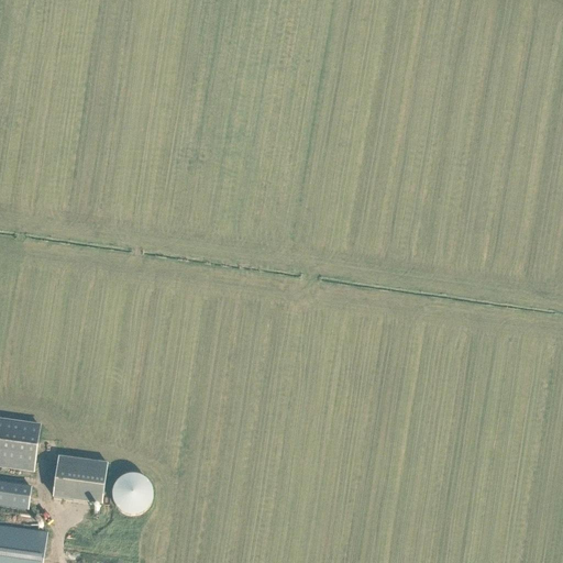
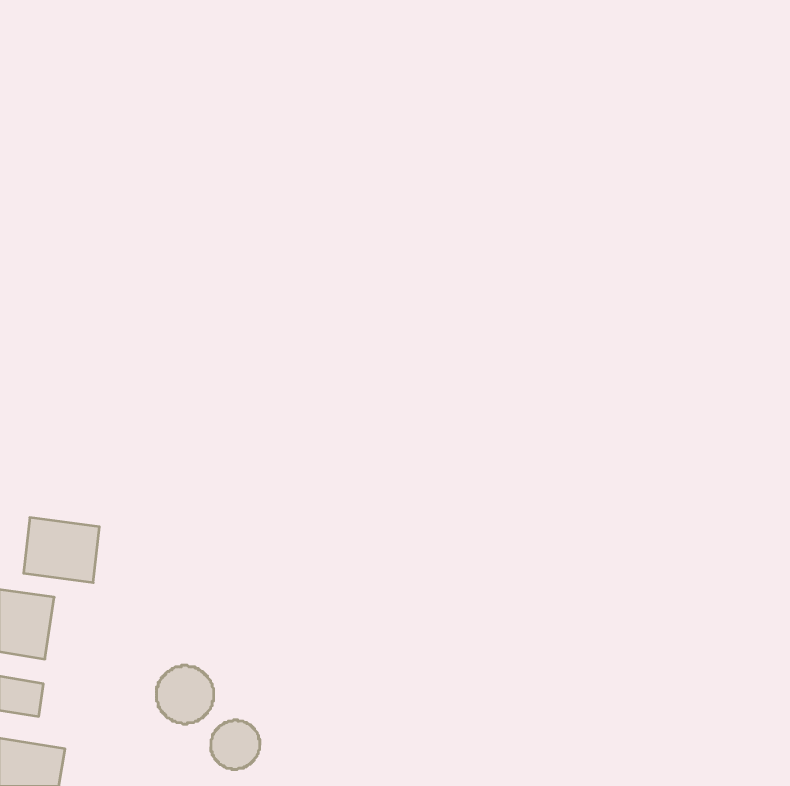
building: [52,454,106,500] -> [24,518,99,583]
building: none -> [211,720,260,770]

